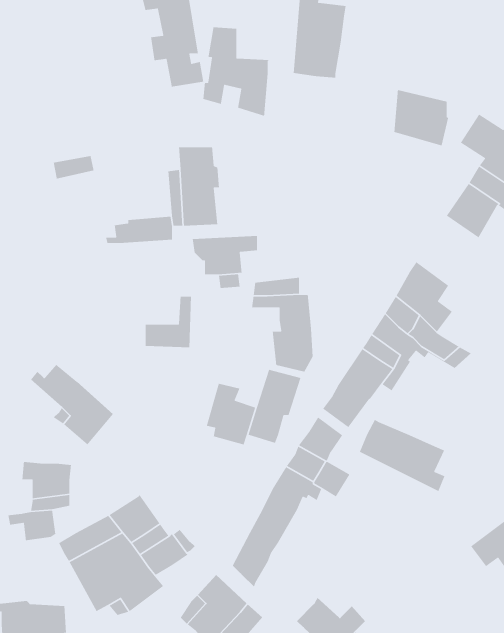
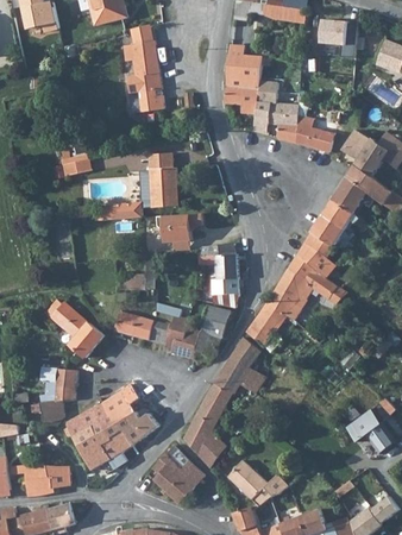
building: [202,26,270,117] -> [251,81,297,143]
building: none -> [309,200,352,247]
building: none -> [113,309,172,344]
building: [359,419,445,492] -> none
building: none -> [199,430,227,466]

